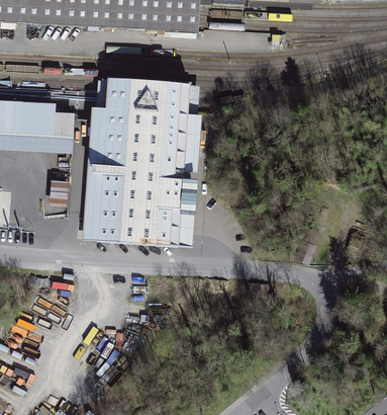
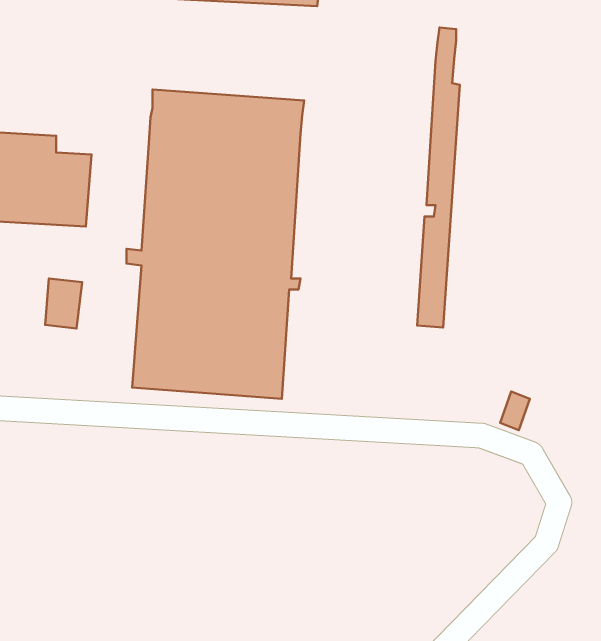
building: [178,83,201,247] -> [417,27,460,327]
building: [82,105,105,240] -> none

